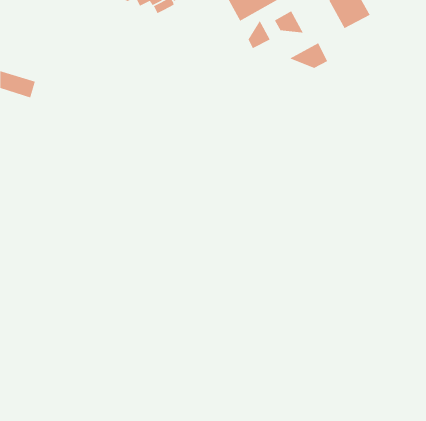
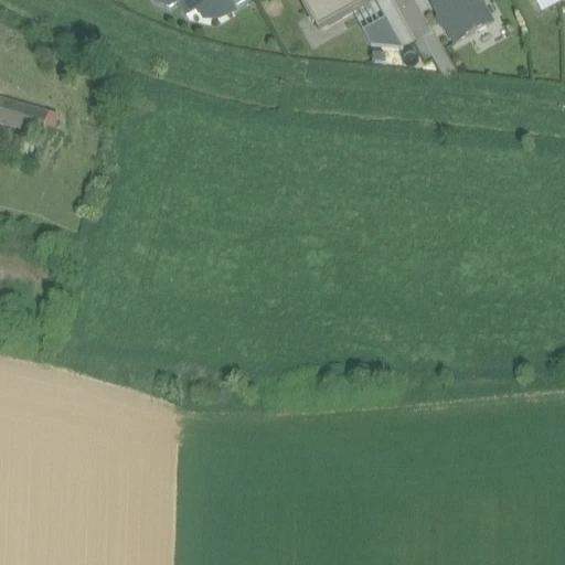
building: [248,20,271,49] -> none
building: [289,42,328,69] -> none

